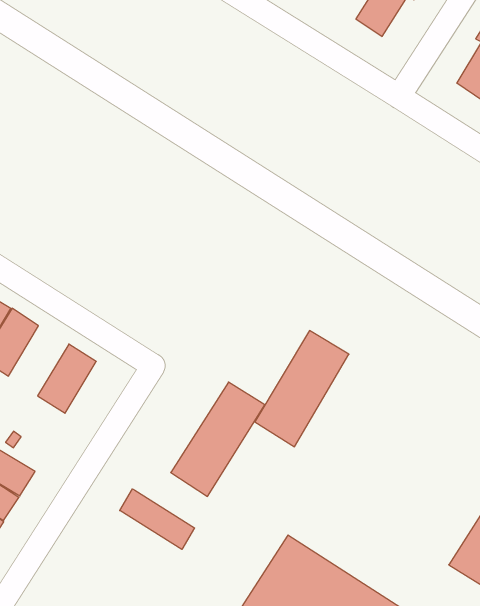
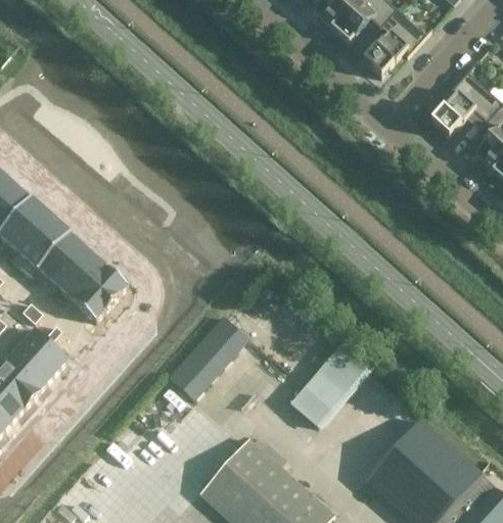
building: none -> [60,253,109,302]
building: [255,331,349,447] -> [291,341,370,426]
building: [120,489,195,549] -> none

